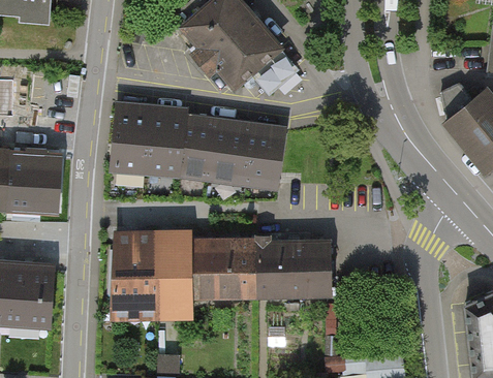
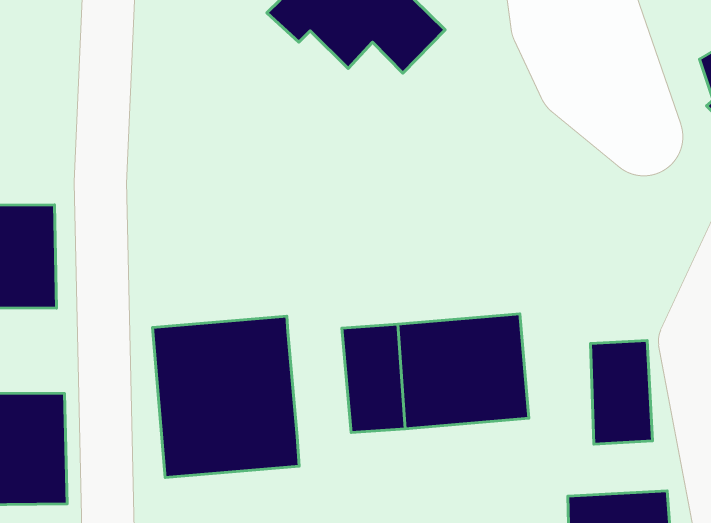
building: [112,114,285,182] -> none
building: [190,240,223,302] -> none
building: none -> [590,340,653,444]

